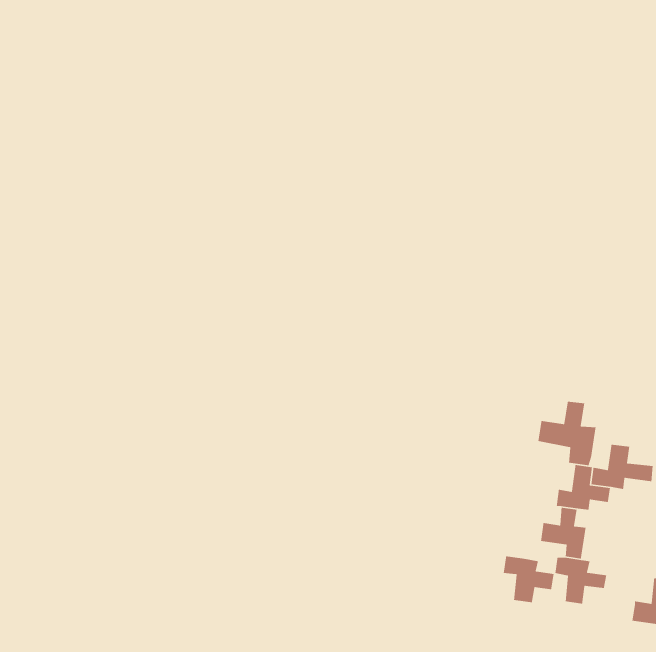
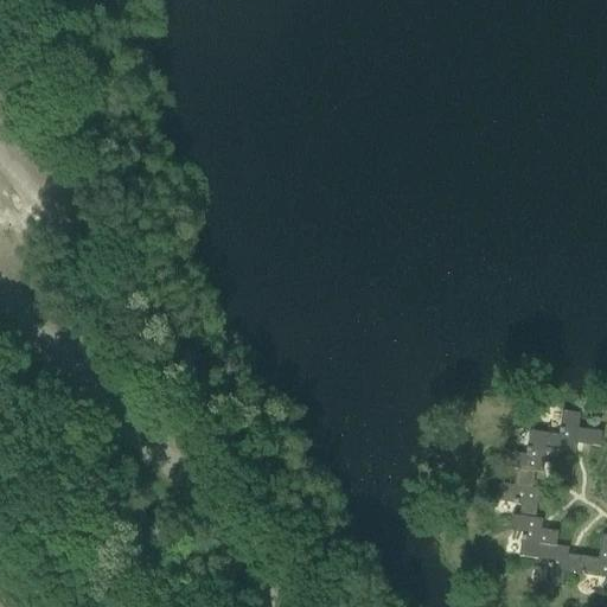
building: [537,401,596,466] -> none
building: [503,556,554,603] -> [538,541,586,584]

